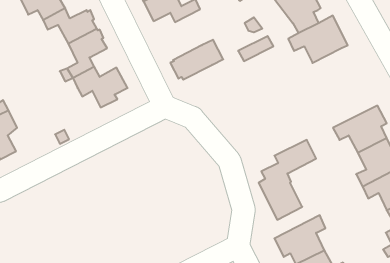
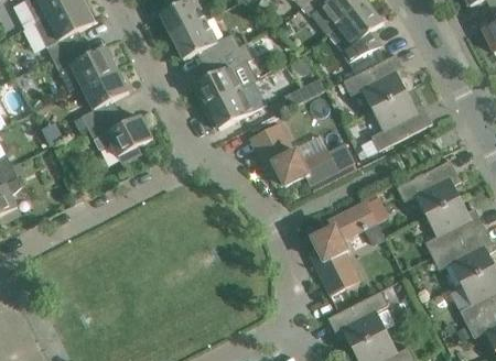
building: none -> [193,45,247,106]
building: none -> [370,88,431,150]
building: none -> [249,122,353,186]

